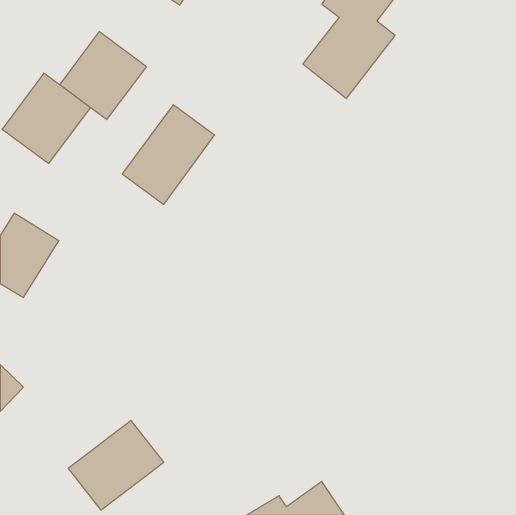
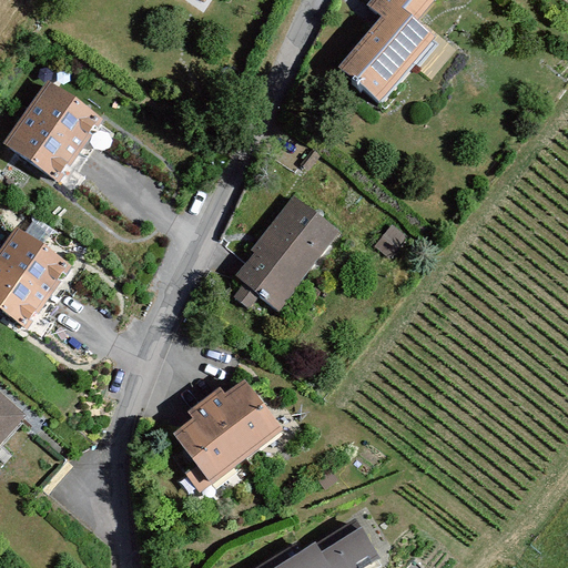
building: [60,32,146,120] -> none
building: [122,105,215,204] -> [233,199,334,307]
building: [68,421,164,510] -> [172,381,276,478]

